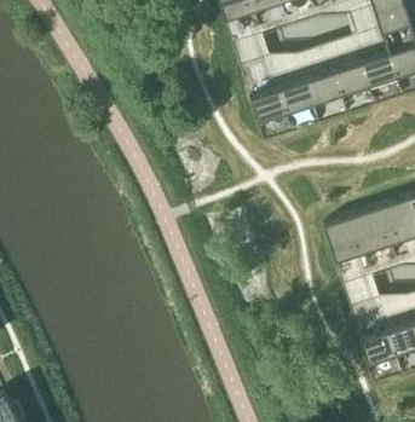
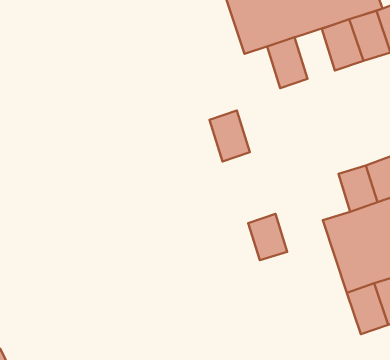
building: [307,67,348,117] -> none
building: [252,85,293,137] -> [209,110,250,162]
building: [324,214,364,261] -> [248,214,287,260]

